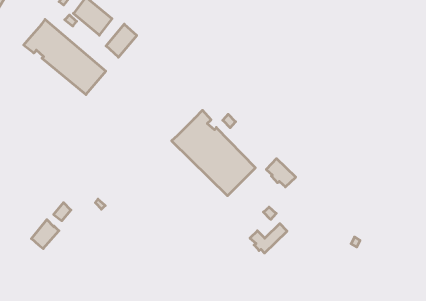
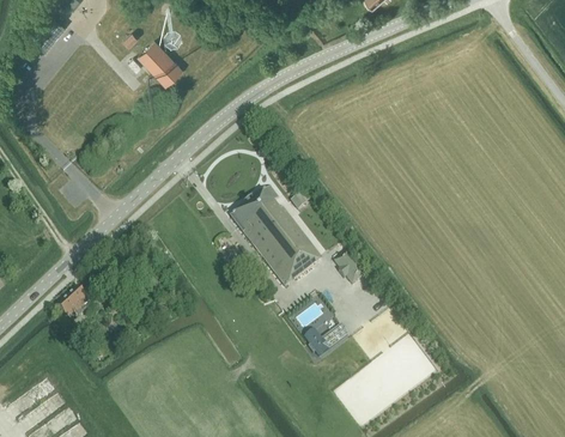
building: [24,19,106,95] -> none
building: [106,24,137,57] -> none

